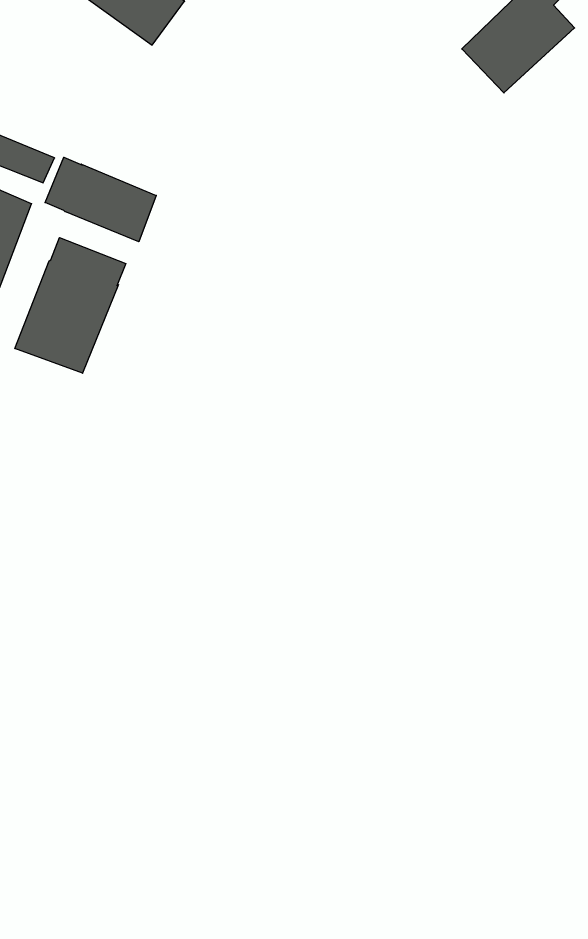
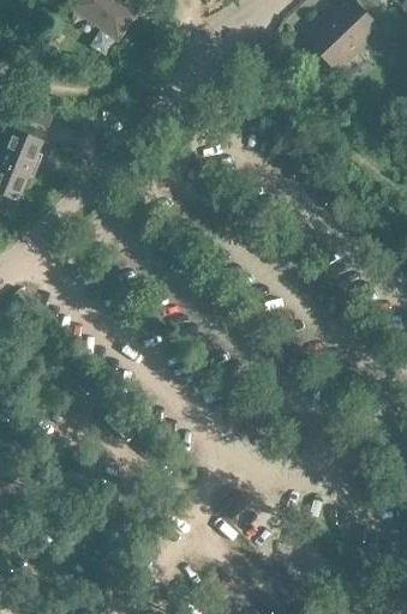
building: [45,157,156,242] -> none
building: [15,238,126,373] -> none

